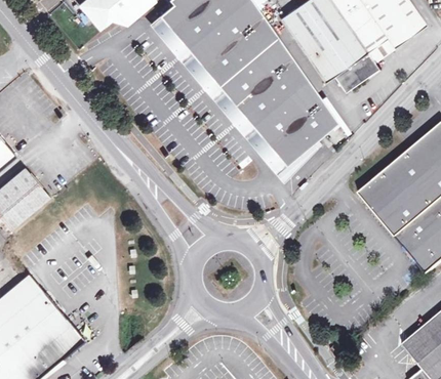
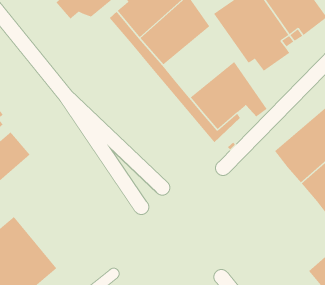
building: [218,34,309,124] -> none

